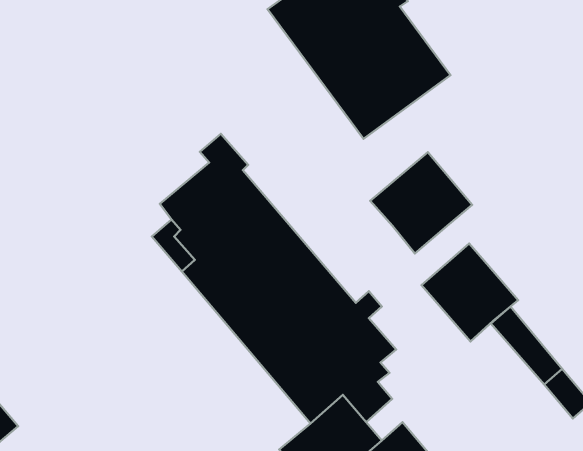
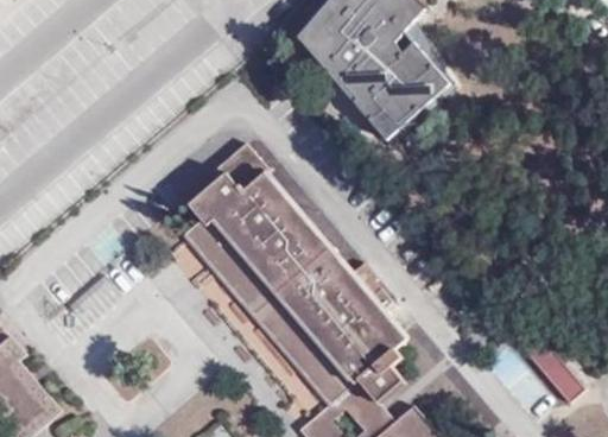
building: [370,152,472,253] -> none
building: [421,244,518,342] -> none

